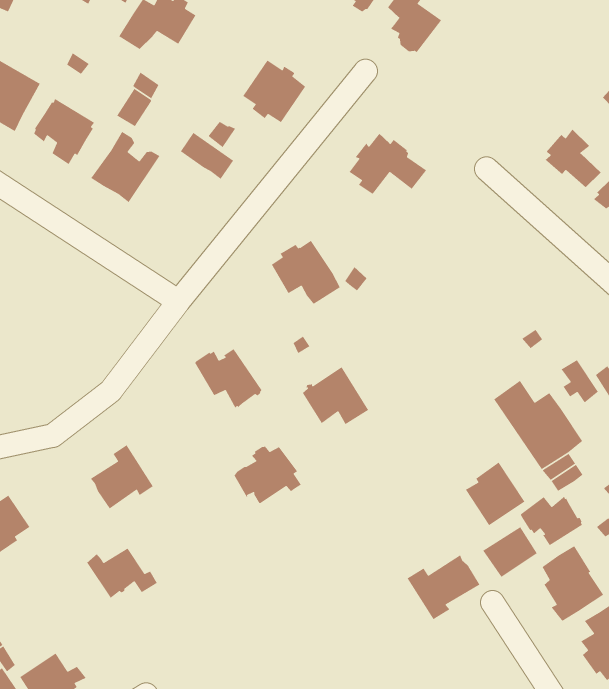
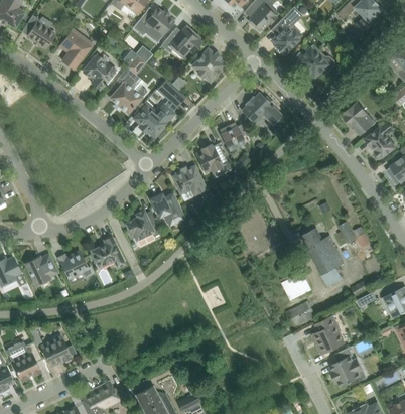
building: none -> [161,29,200,52]
building: none -> [295,46,333,78]
building: none -> [134,100,173,137]
building: none -> [221,124,251,150]
building: [302,366,369,425] -> [173,165,207,195]
building: [233,446,302,504] -> [126,211,160,240]
building: [520,496,583,546] -> none
building: [86,547,158,599] -> [58,253,94,278]
building: [406,554,480,620] -> none

